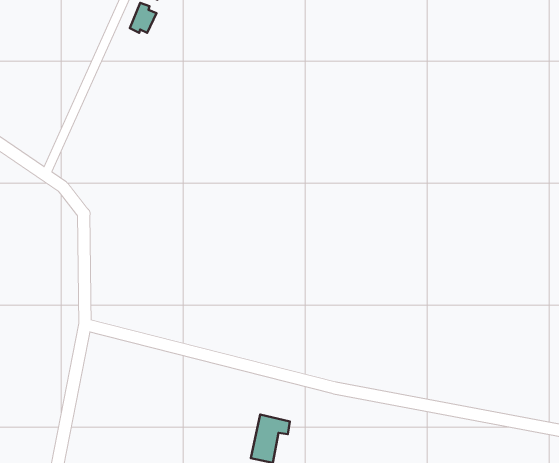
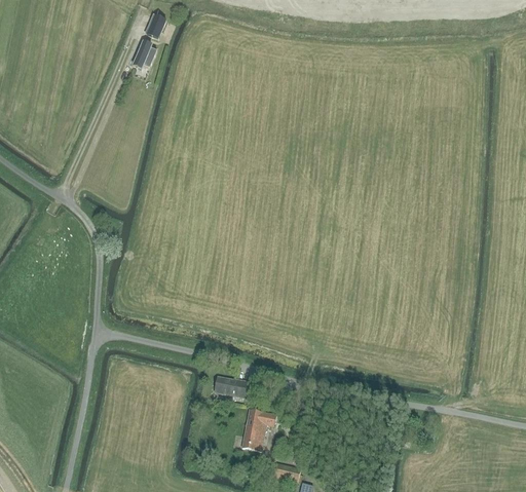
building: none -> [214,376,246,396]

